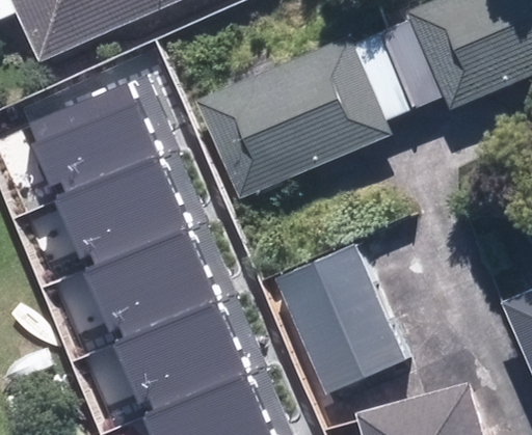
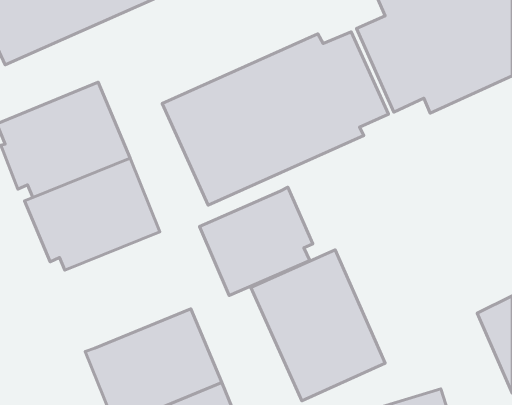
building: none -> [199,187,313,296]
building: [83,228,217,342] -> none

